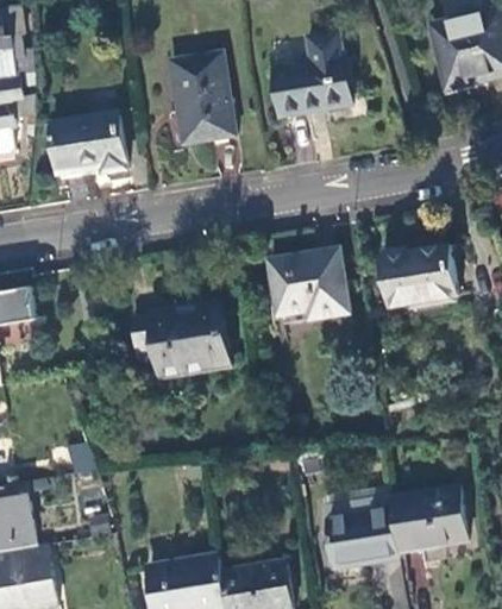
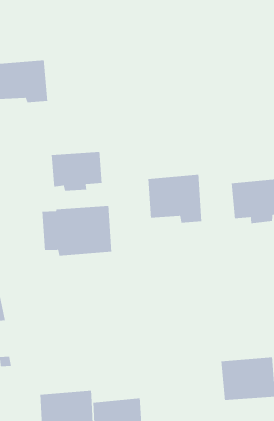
building: [274,32,352,117] -> none
building: [169,52,233,142] -> none
building: none -> [51,151,103,191]
building: [325,500,397,569] -> none

